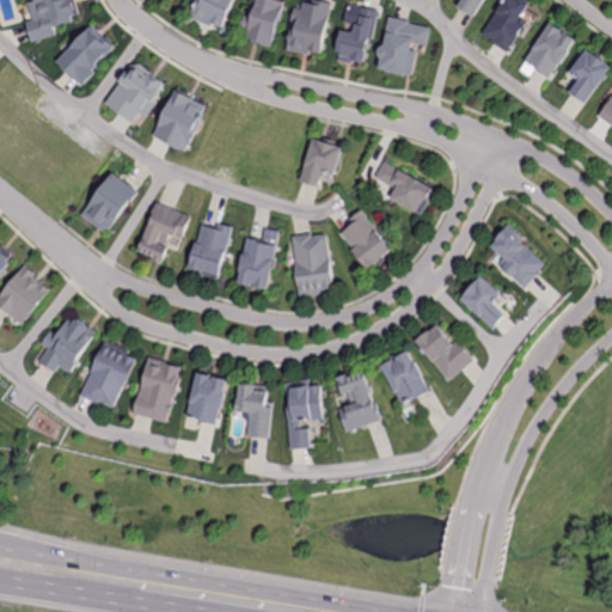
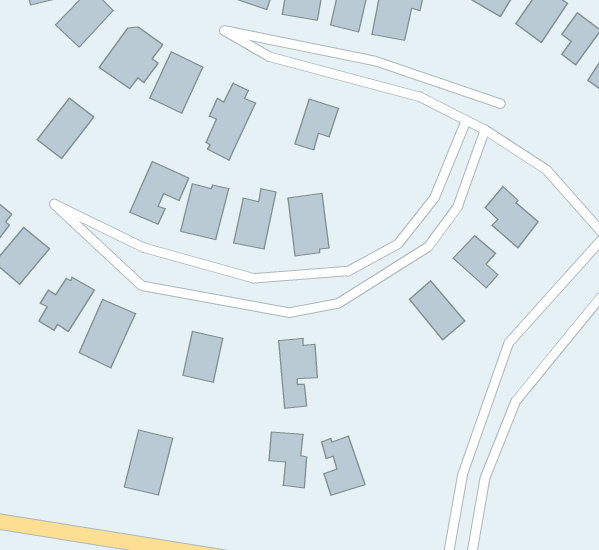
building: none -> [206,83,255,160]
building: [374,158,434,214] -> none
building: [80,172,137,233] -> [37,98,94,158]
building: [341,209,392,268] -> none
building: [379,348,428,405] -> none
building: [134,355,183,421] -> [124,430,173,495]
building: [336,371,380,430] -> [321,436,365,495]
building: [233,381,271,437] -> [269,432,307,488]

